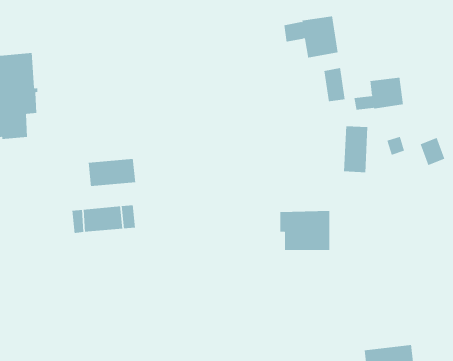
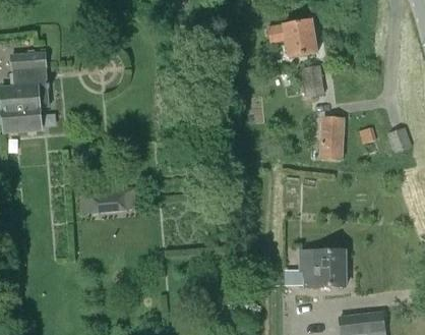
building: [354,77,404,110] -> none
building: [88,158,136,187] -> none
building: [280,211,330,251] -> [300,249,345,285]

